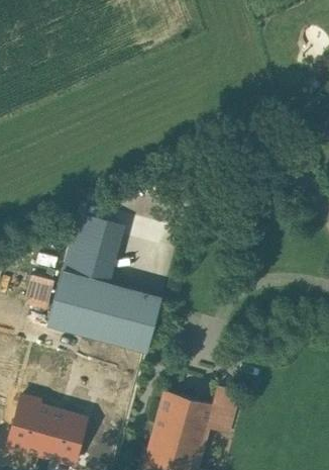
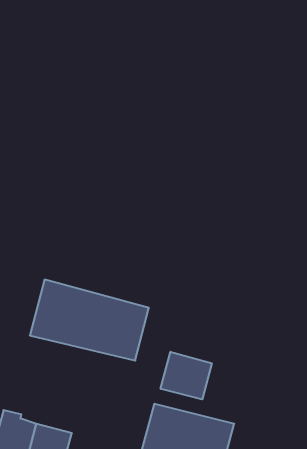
building: [60,211,125,281] -> none
building: none -> [161,352,212,399]

